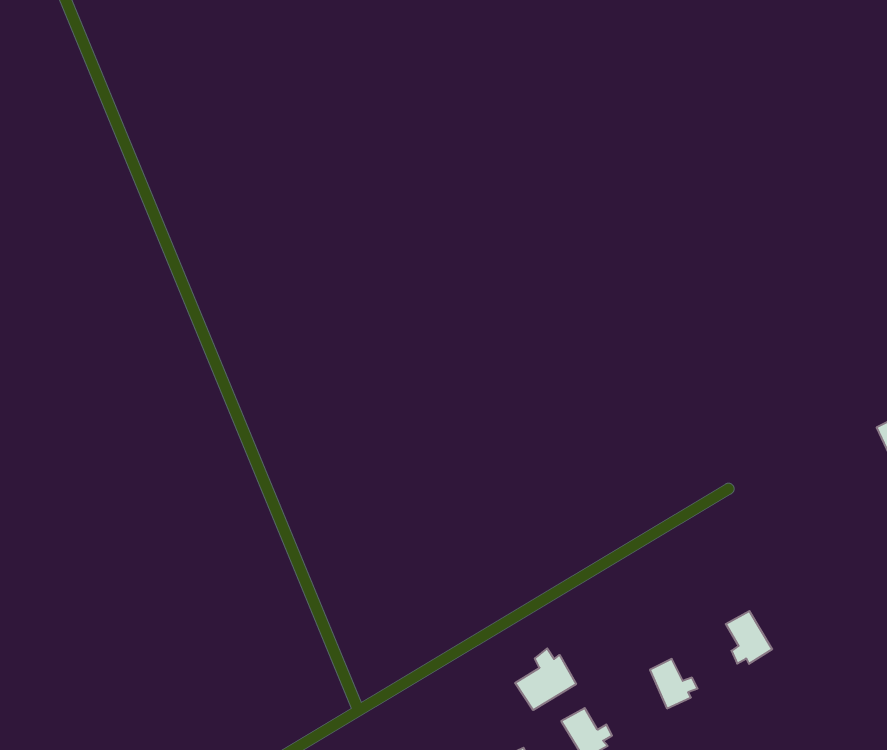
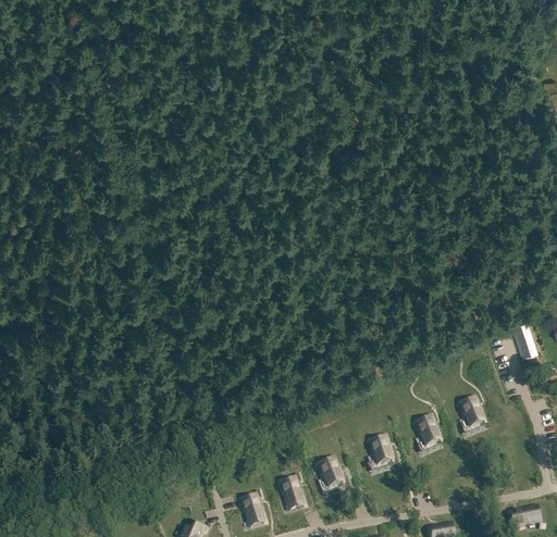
building: none -> [459,400,483,428]
building: [515,648,576,710] -> none

